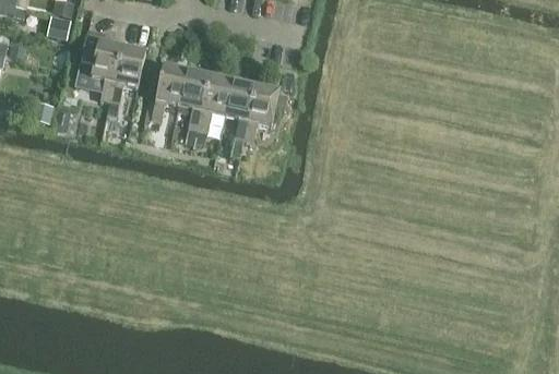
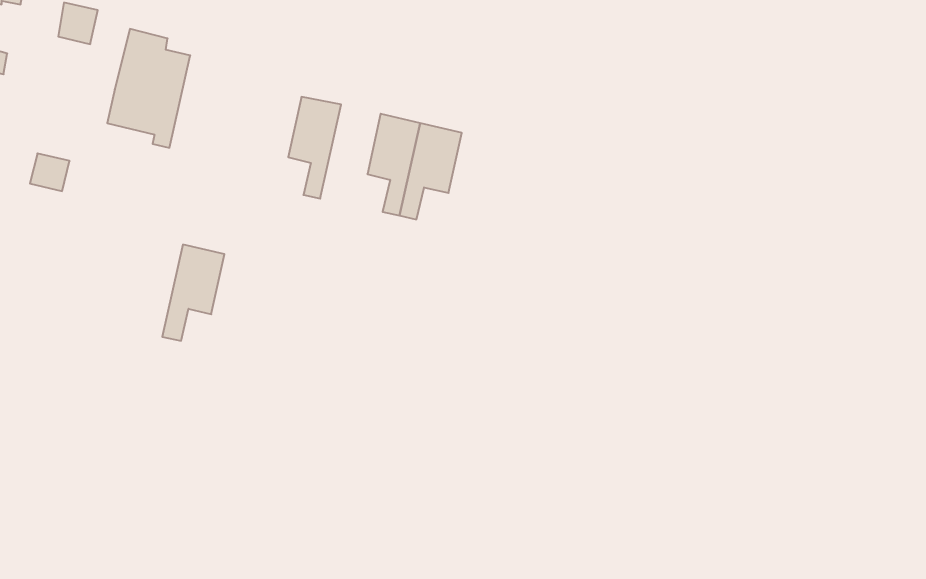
building: [110,45,145,100] -> none
building: [151,63,187,119] -> [162,245,224,341]
building: [198,73,233,130] -> none

